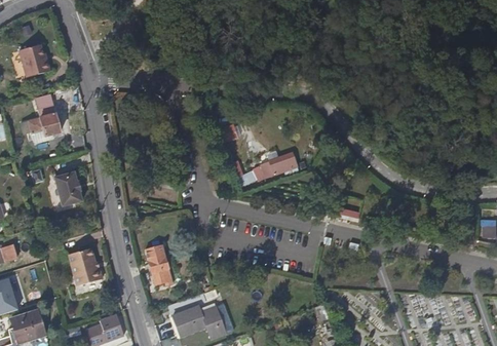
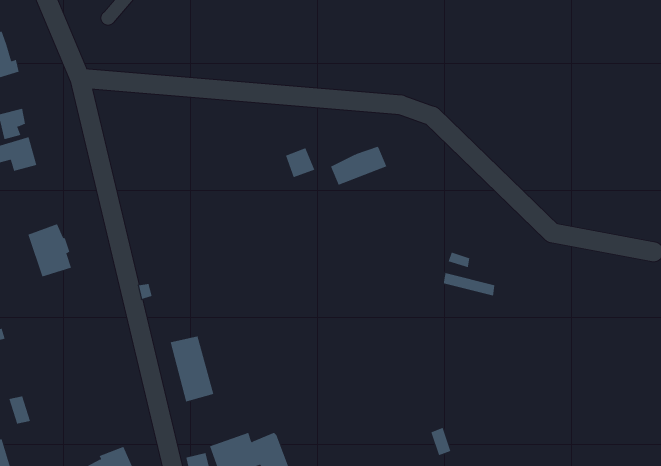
building: [260,151,297,177] -> [330,146,387,186]
building: [68,247,103,285] -> none

